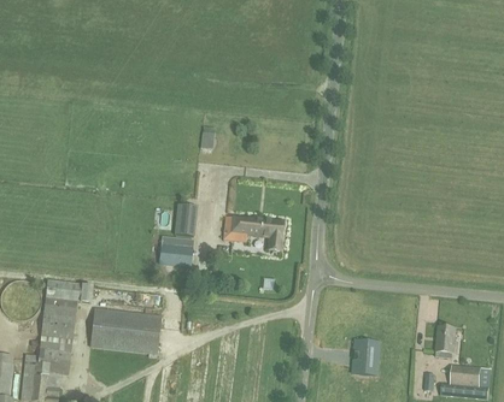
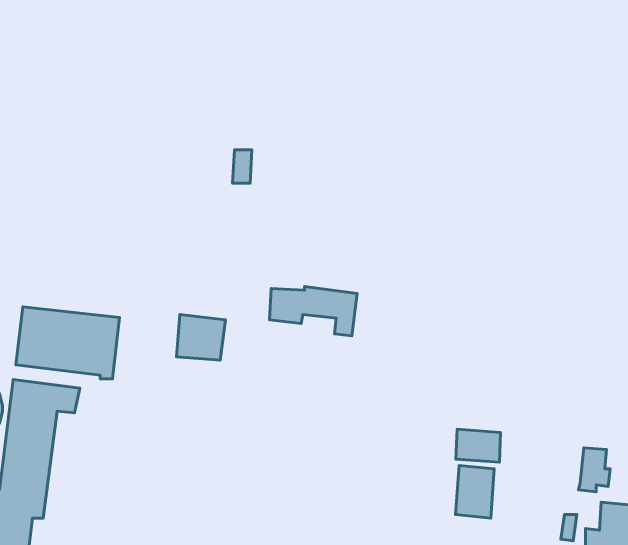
building: [175,202,197,235] -> none
building: [90,307,162,356] -> [16,307,119,379]
building: none -> [456,429,501,462]

